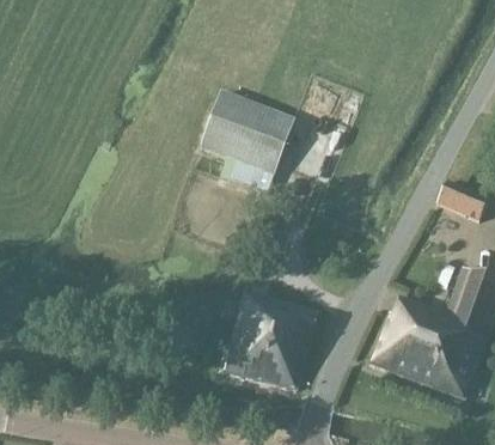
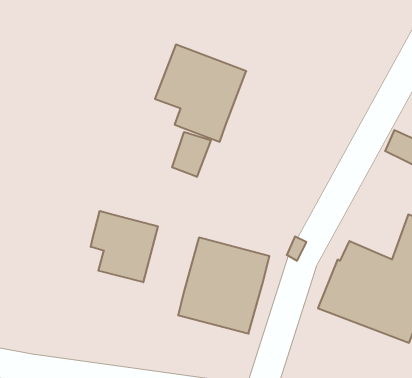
building: none -> [172,132,211,177]
building: none -> [91,211,158,282]

